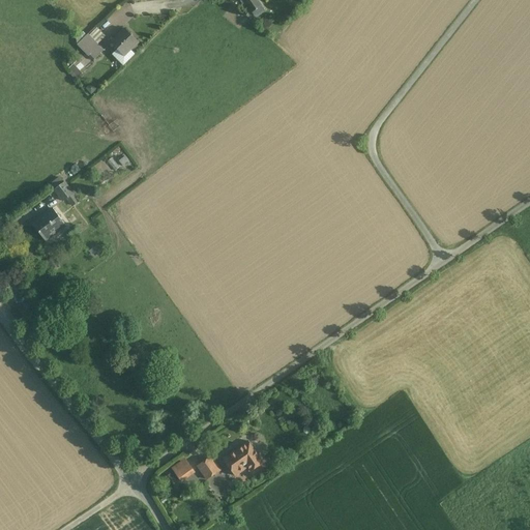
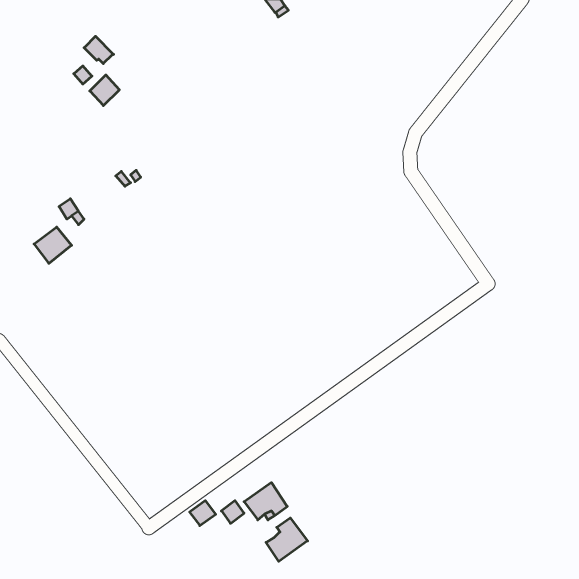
building: [111,28,138,56] -> [90,75,119,106]
building: none -> [266,518,308,561]

